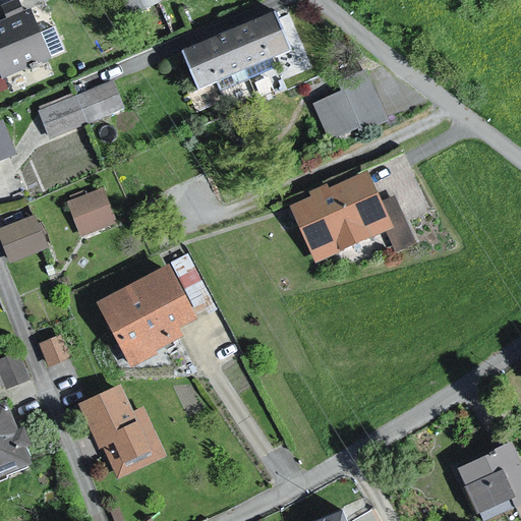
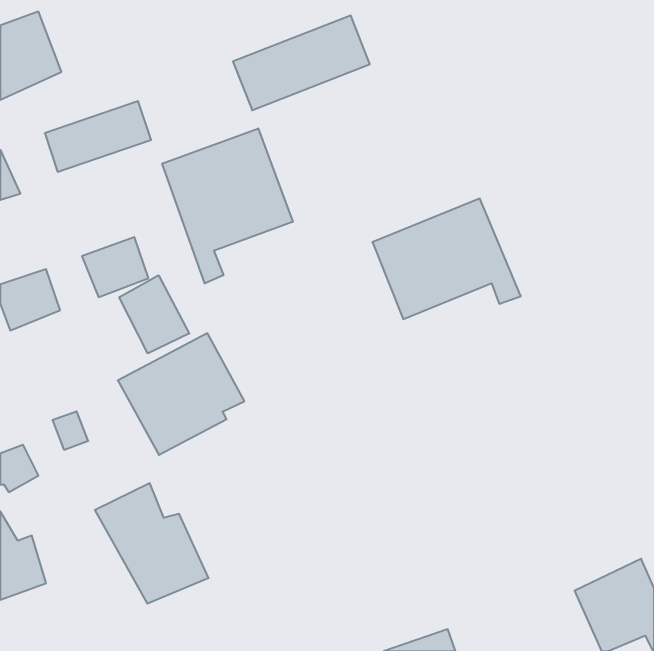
building: [311,69,390,140] -> none
building: none -> [162,128,293,283]
building: none -> [119,275,189,353]

